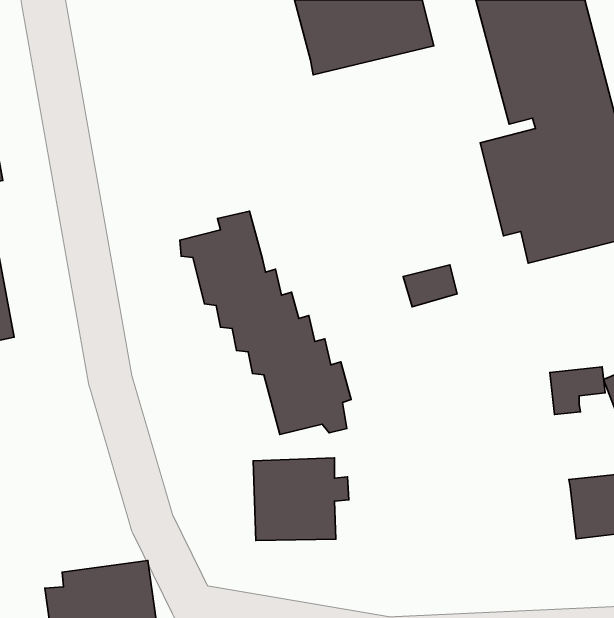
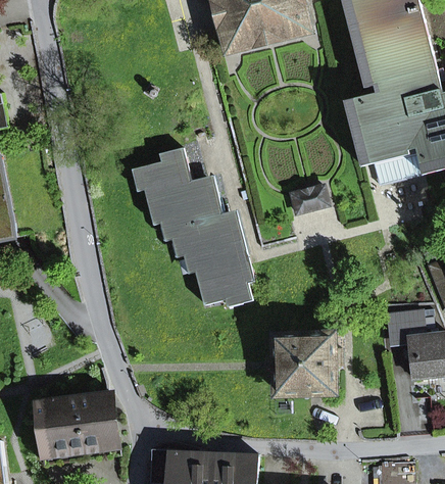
building: none -> [191,177,246,257]
building: [550,367,605,415] -> [386,311,425,345]
building: [253,458,349,540] -> [275,336,342,394]

